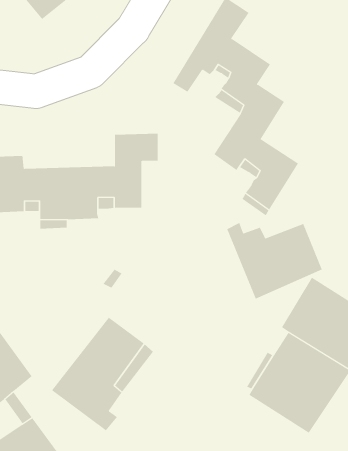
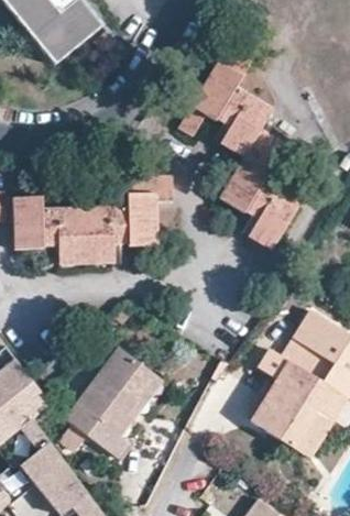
building: [227,222,322,299] -> none

